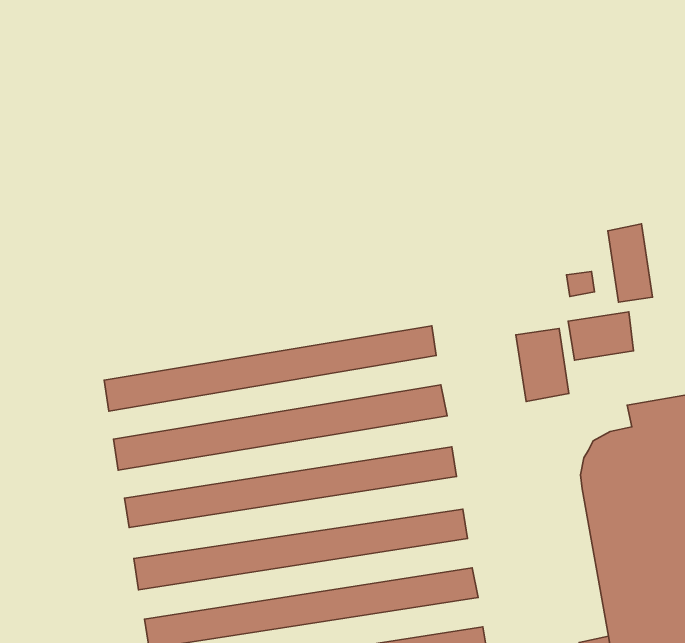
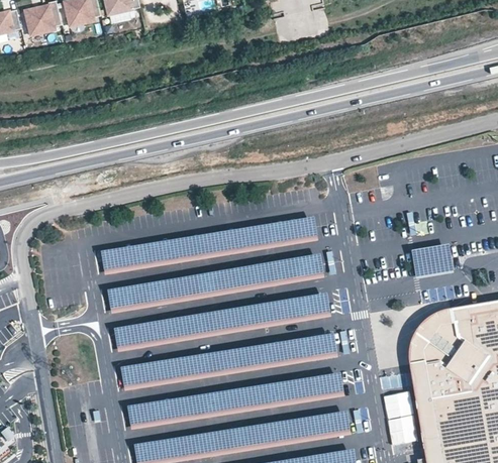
building: [608,224,653,302] -> none
building: none -> [101,217,318,271]
building: [516,329,569,401] -> none

